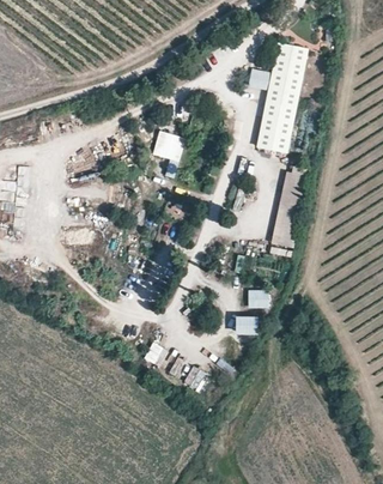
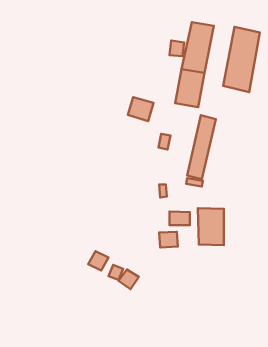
building: none -> [223,27,260,92]
building: [152,131,186,162] -> [128,97,154,121]
building: none -> [198,208,224,245]

